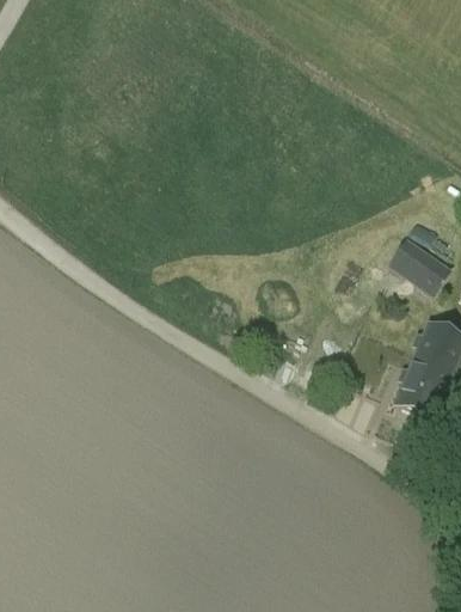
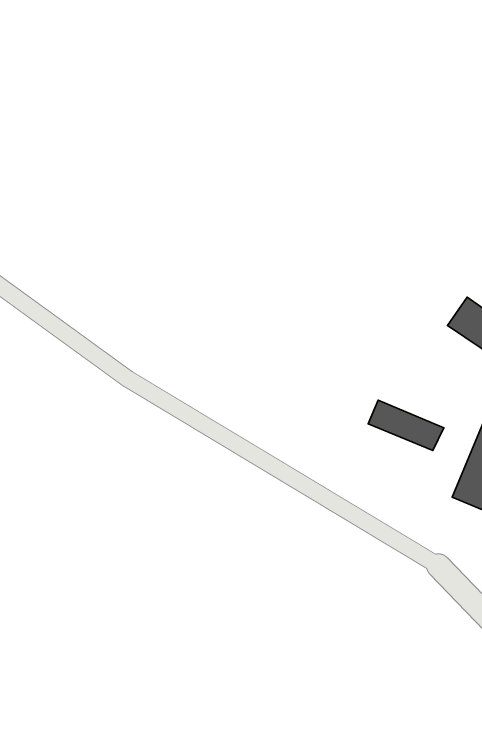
building: none -> [368,400,444,451]

